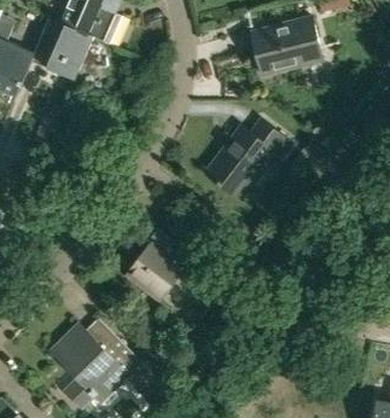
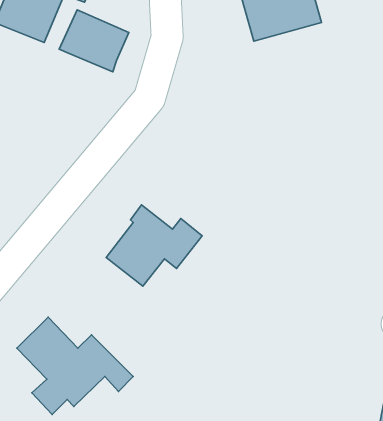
building: none -> [59,10,129,72]
building: [204,118,291,198] -> none

